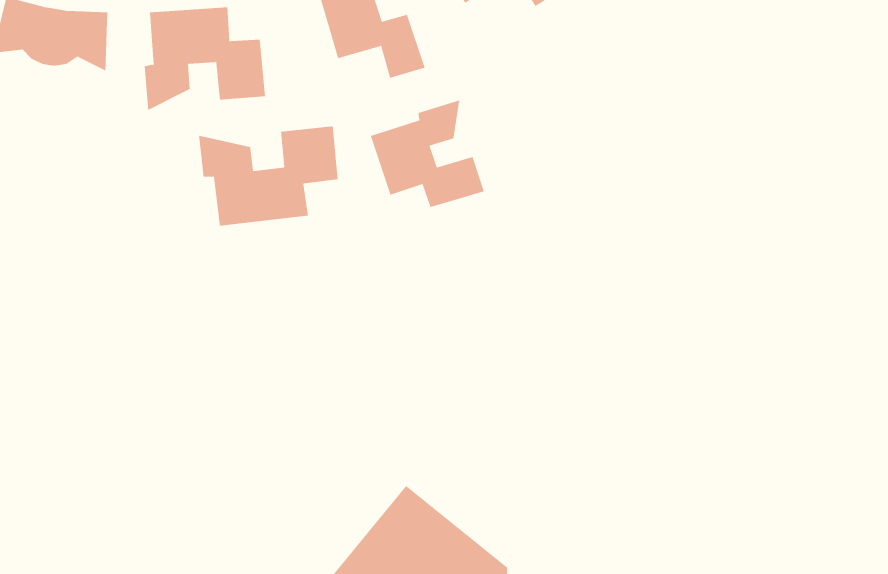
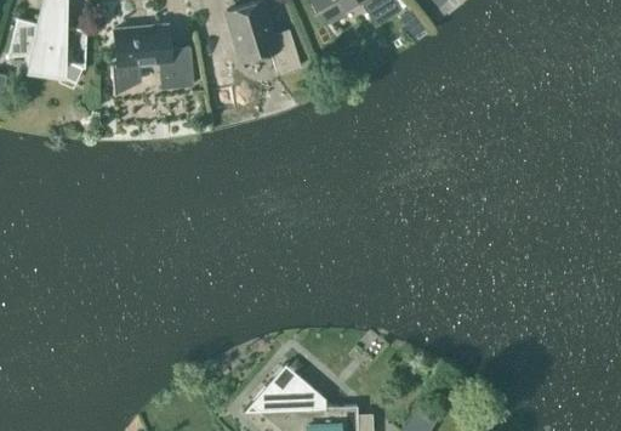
building: [370,99,484,208] -> none
building: [199,125,338,226] -> none

